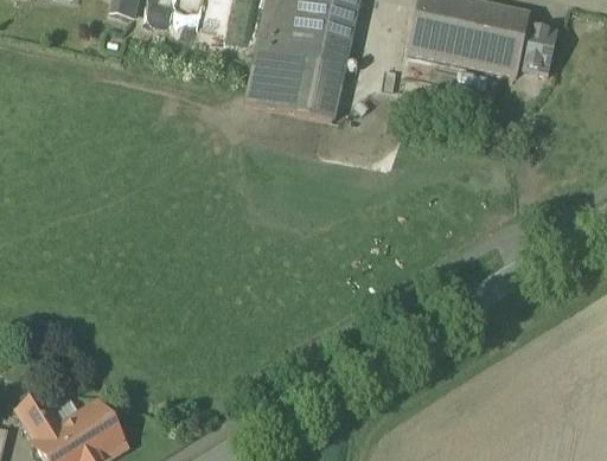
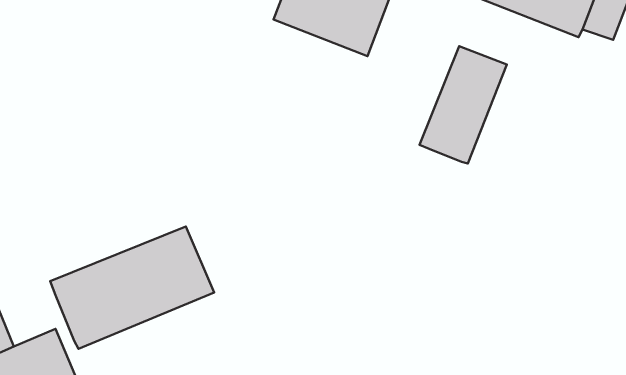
building: none -> [419,46,507,164]
building: none -> [50,226,214,349]

